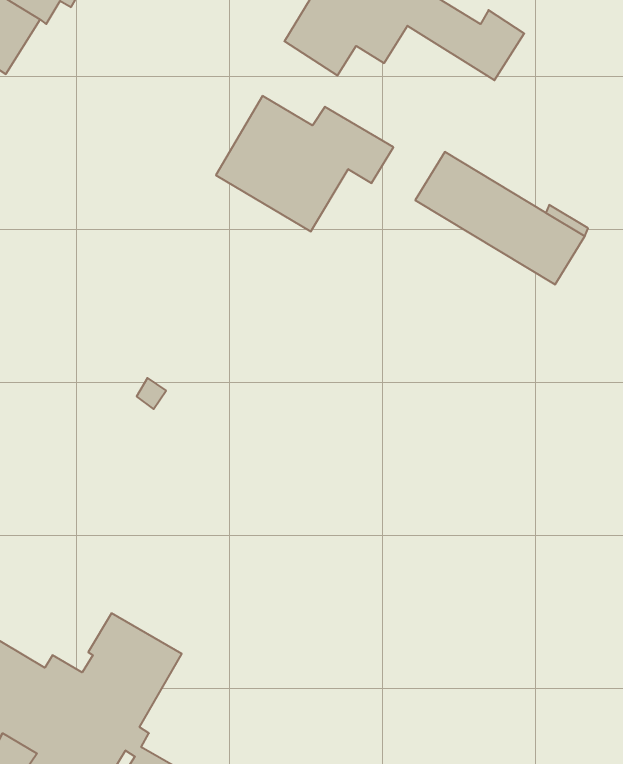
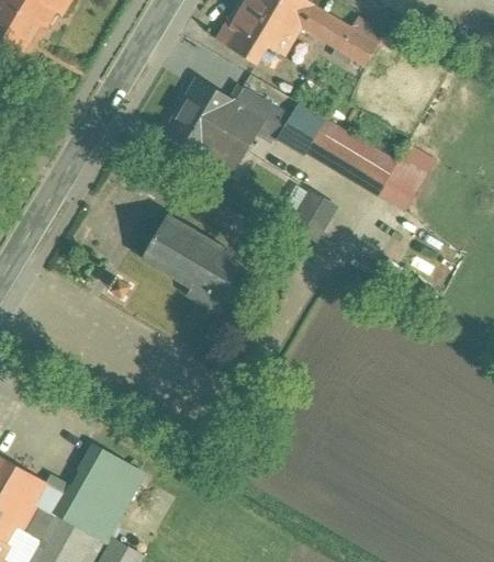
building: none -> [277,102,328,158]
building: none -> [277,195,337,241]
building: none -> [136,214,248,319]

